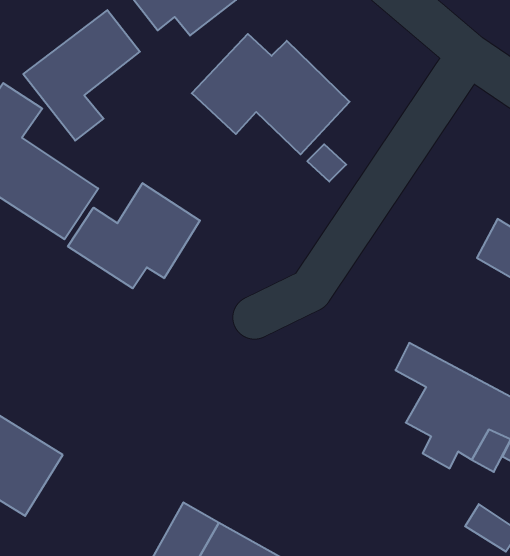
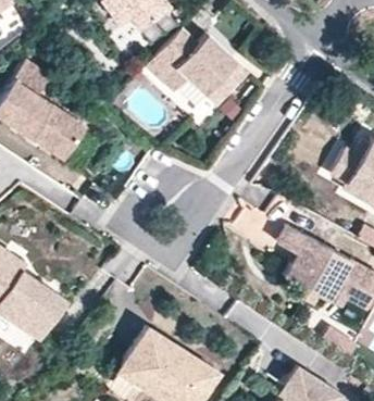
building: [23,10,140,141] -> none
building: [68,183,200,288] -> none

